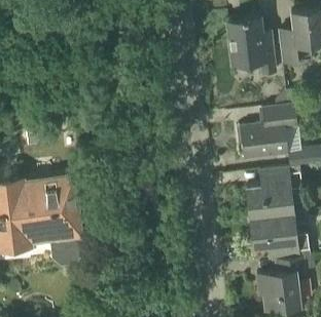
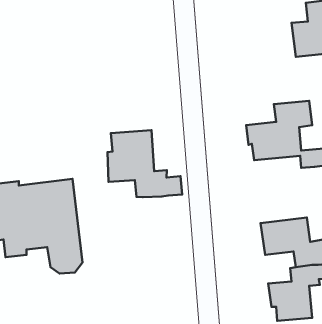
building: [226,15,275,73] -> none
building: none -> [108,130,182,197]
building: [246,165,301,217] -> none

